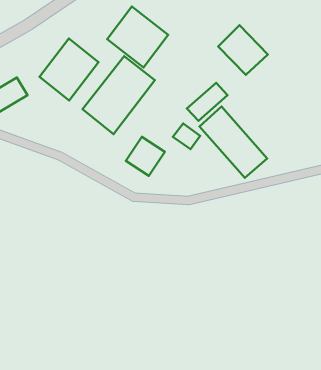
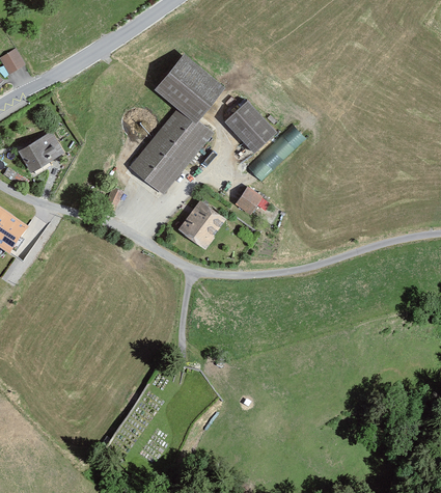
building: [218,25,268,75] -> [222,95,280,154]
building: [39,39,98,101] -> none
building: [200,106,267,178] -> none

